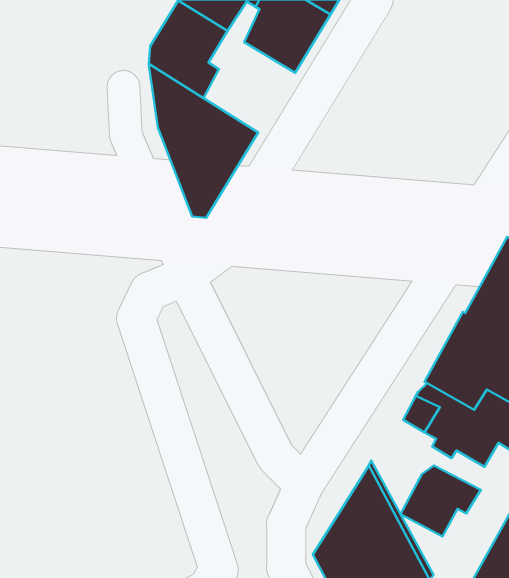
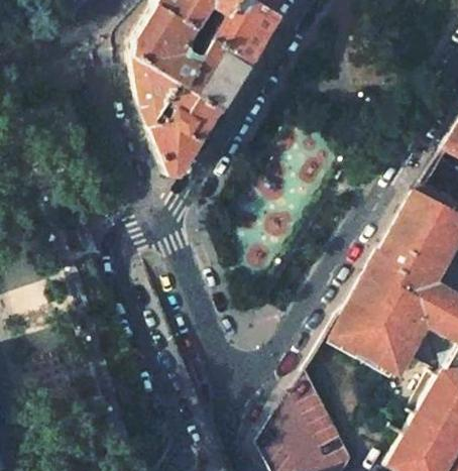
building: none -> [175,37,247,109]
building: [400,466,481,536] -> none

